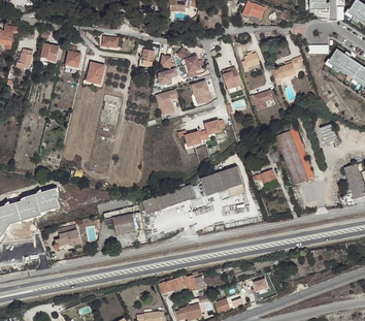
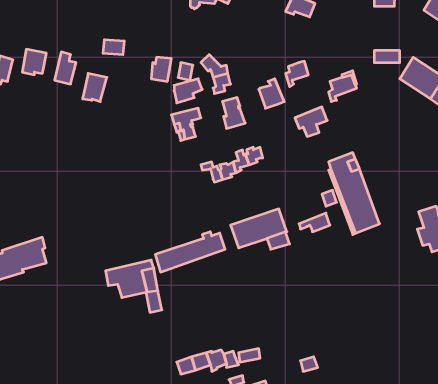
building: [53,225,79,250] -> none

